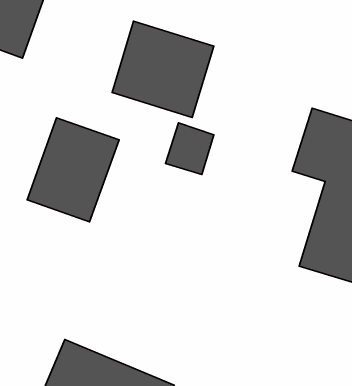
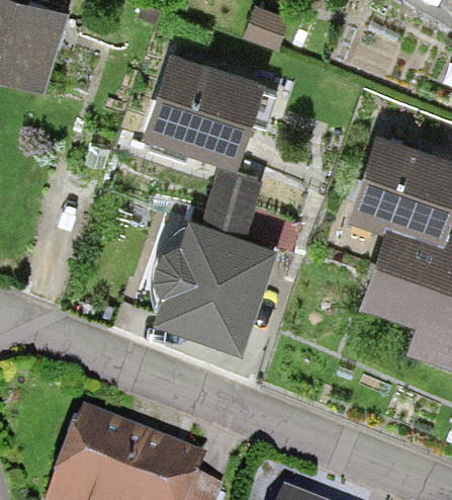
building: [27,118,119,222] -> none
building: none -> [154,212,279,345]

